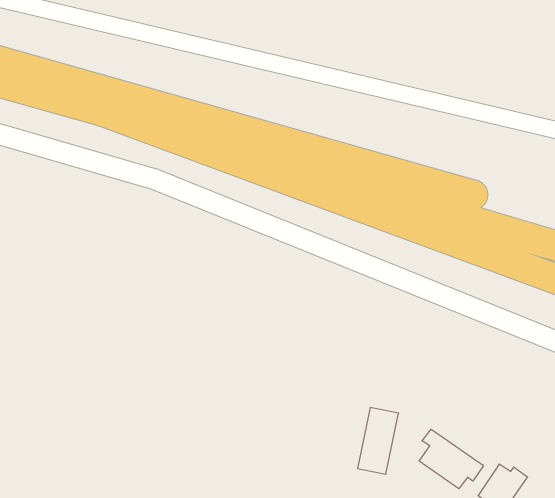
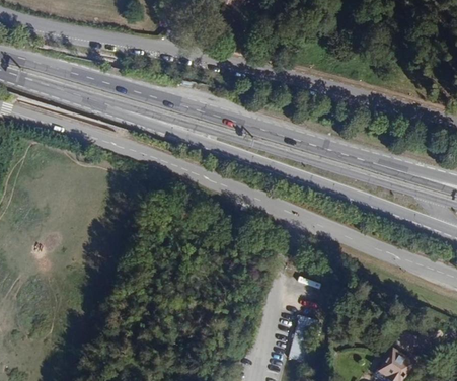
building: [419,429,483,489] -> none

